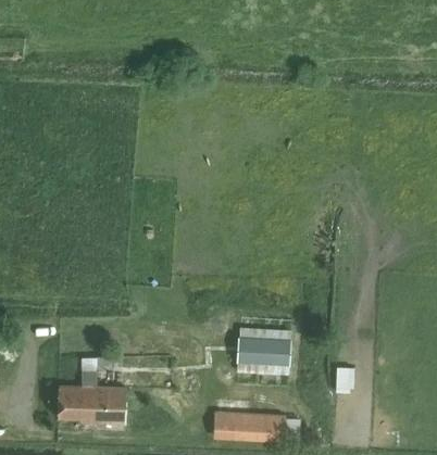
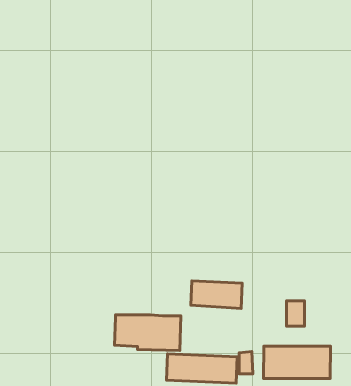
building: [58,386,126,422] -> [114,315,181,351]
building: none -> [264,346,330,379]

